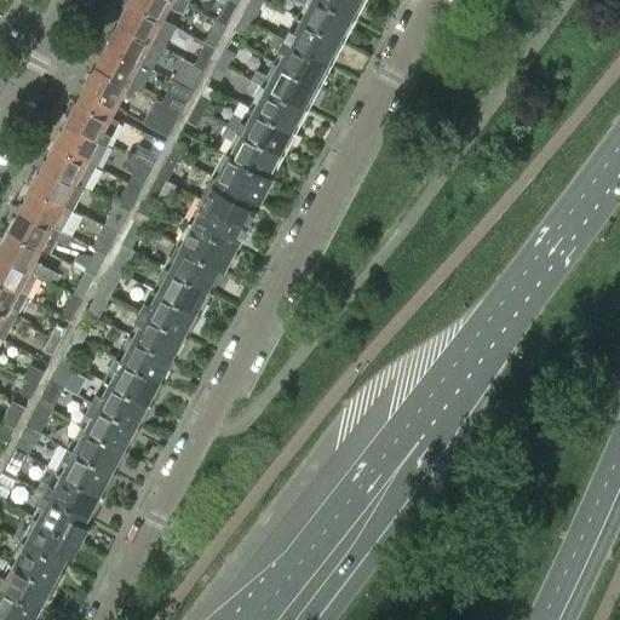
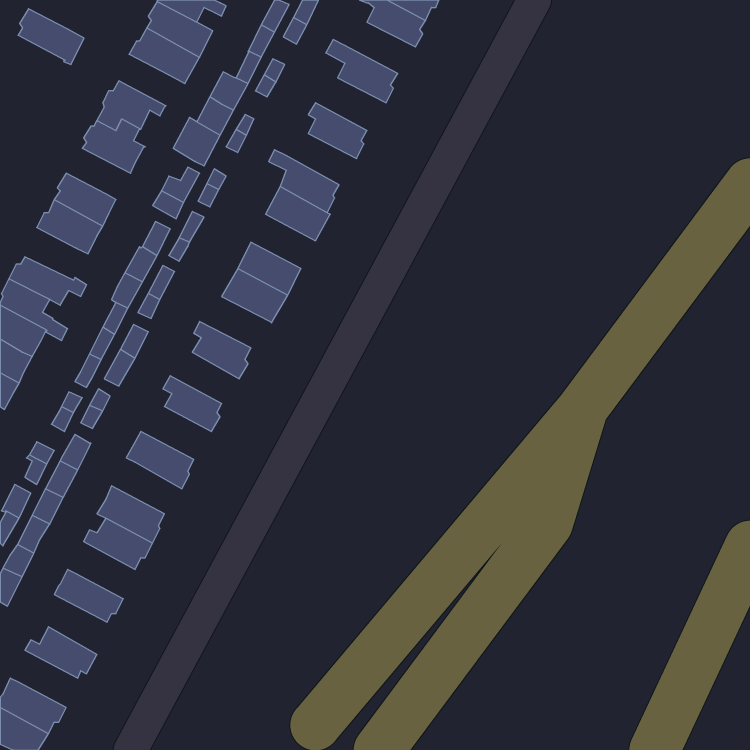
building: [285,18,343,61] -> none
building: [98,45,153,91] -> [18,9,84,65]
building: [251,64,318,108] -> none
building: [226,110,294,153] -> none
building: [54,122,108,165] -> none
building: [207,177,260,222] -> none
building: [21,188,73,231] -> none
building: [165,245,223,287] -> none
building: [140,291,197,333] -> none
building: [116,335,174,379] -> none
building: [92,378,150,424] -> none
building: [63,447,111,494] -> none
building: [33,490,88,540] -> none
building: [16,536,64,584] -> none

